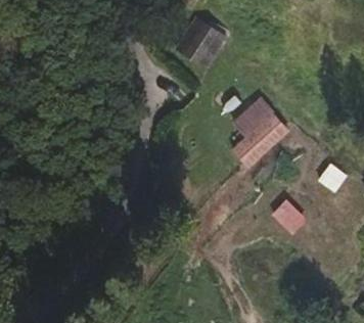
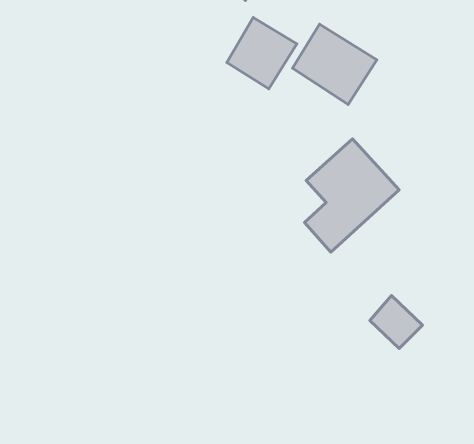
building: none -> [293,24,377,105]

